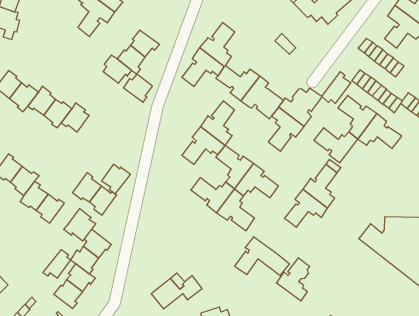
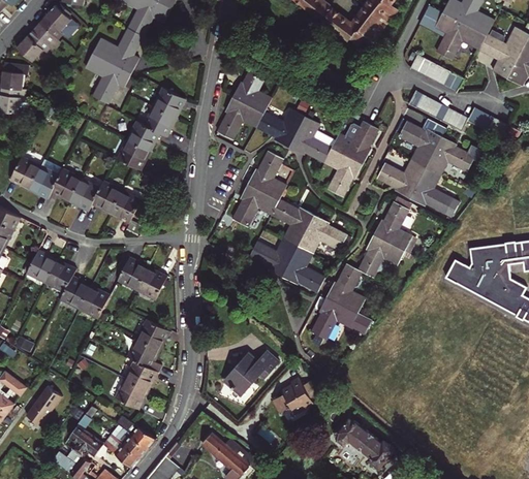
building: [322,72,351,103] -> none
building: [123,74,152,102] -> [116,139,148,169]
building: none -> [409,167,452,212]
building: [102,164,130,194] -> [111,191,142,224]
building: [64,209,96,241] -> none
building: [43,250,71,278] -> none
building: [276,258,310,301] -> [326,263,363,311]

